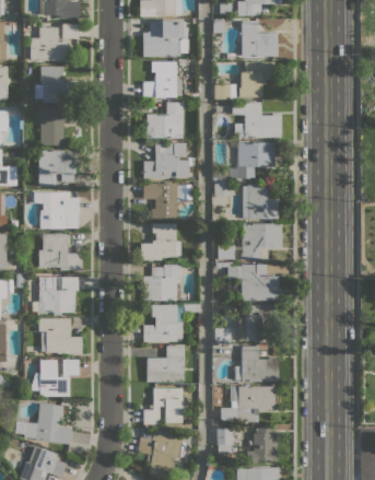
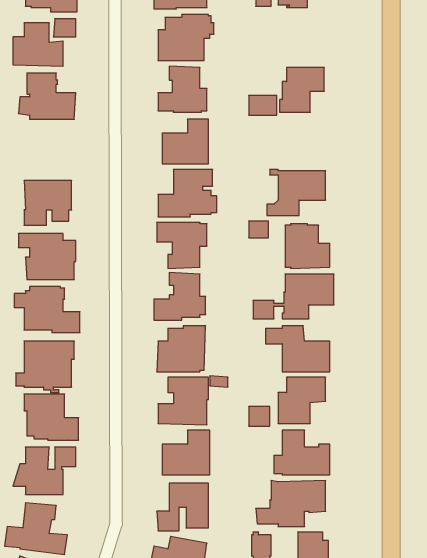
building: [212,20,278,56] -> none
building: [232,103,281,138] -> none
building: [39,108,74,145] -> none

